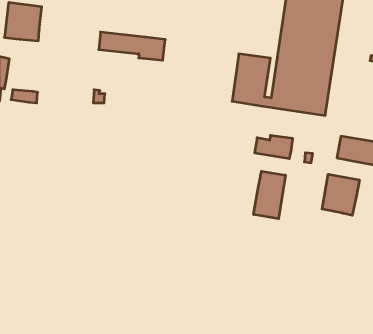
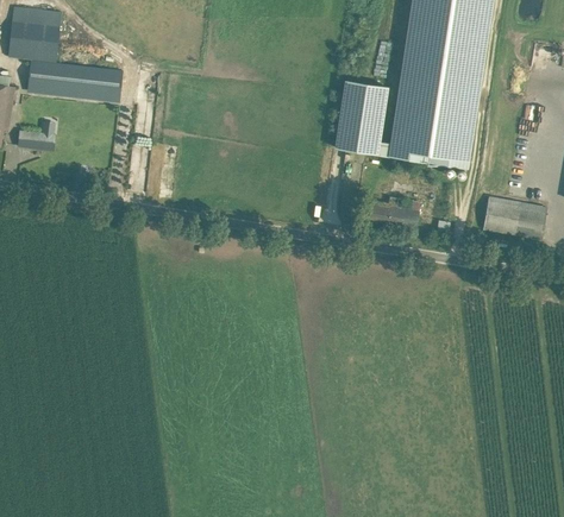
building: [99,32,165,60] -> [29,62,124,102]
building: [254,171,285,219] -> none
building: [322,174,359,215] -> none

